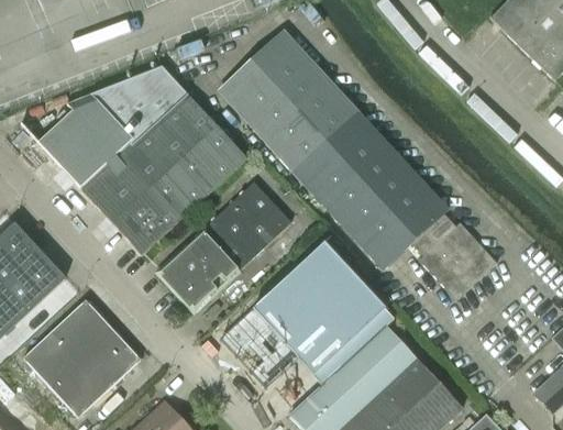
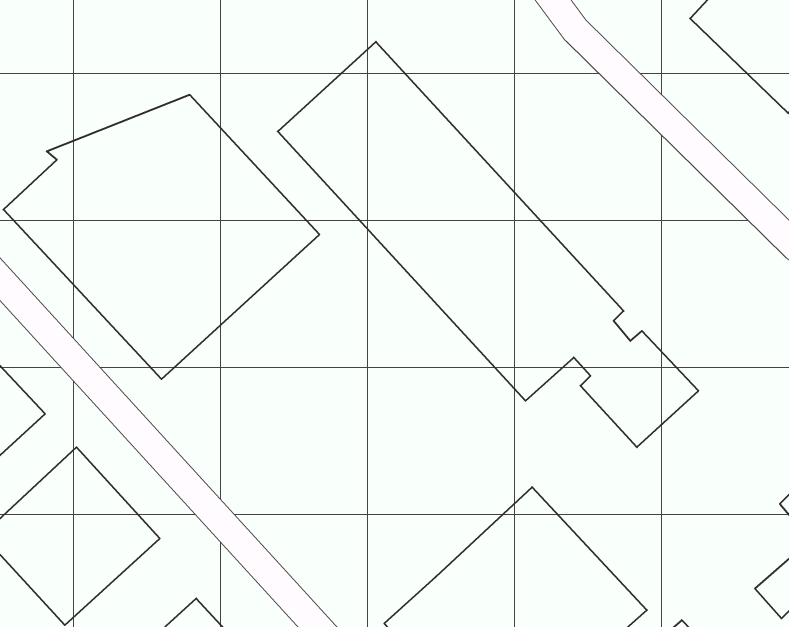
building: [156,181,291,312] -> none
building: [220,243,394,393] -> none

